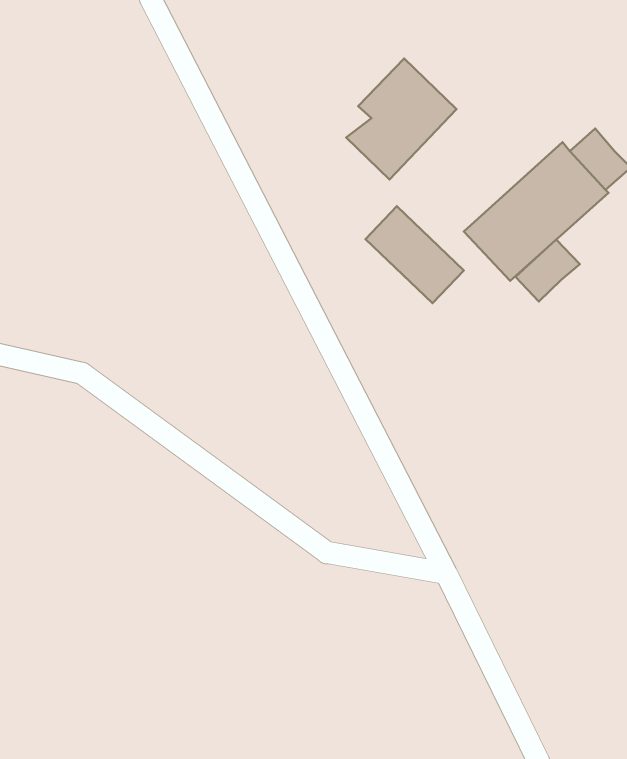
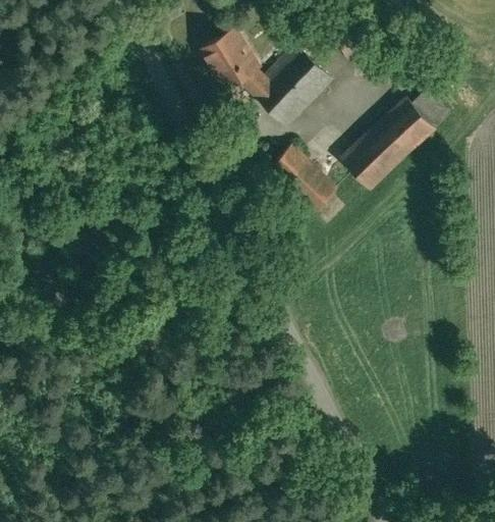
building: none -> [201,25,274,96]
building: [516,240,580,301] -> none

